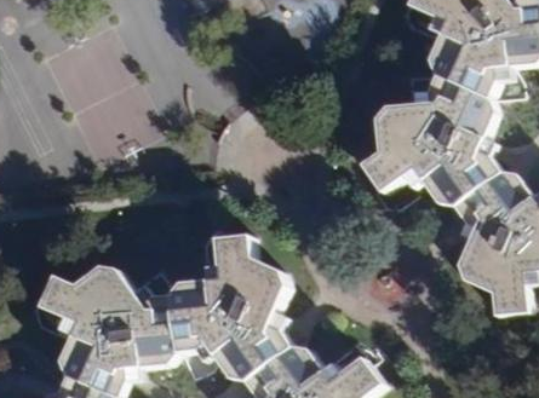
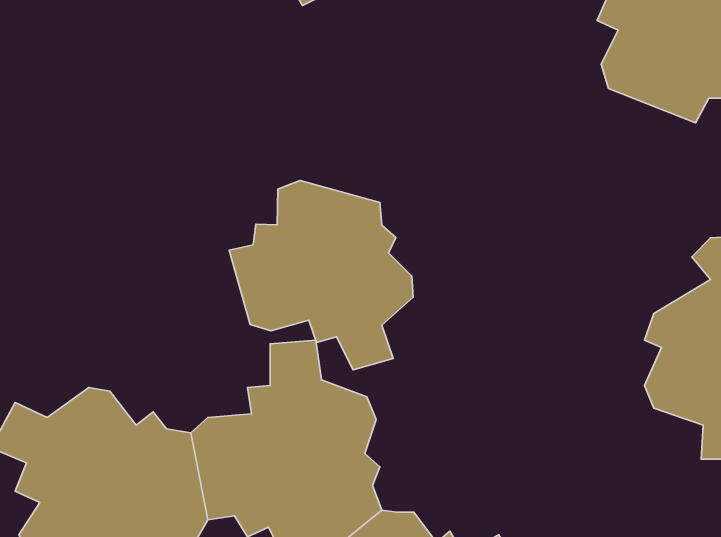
building: [363,74,499,218] -> none
building: none -> [229,181,413,370]

